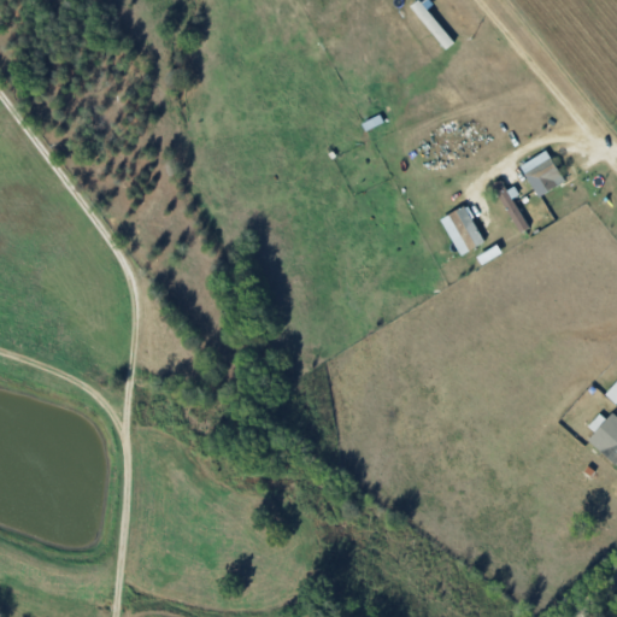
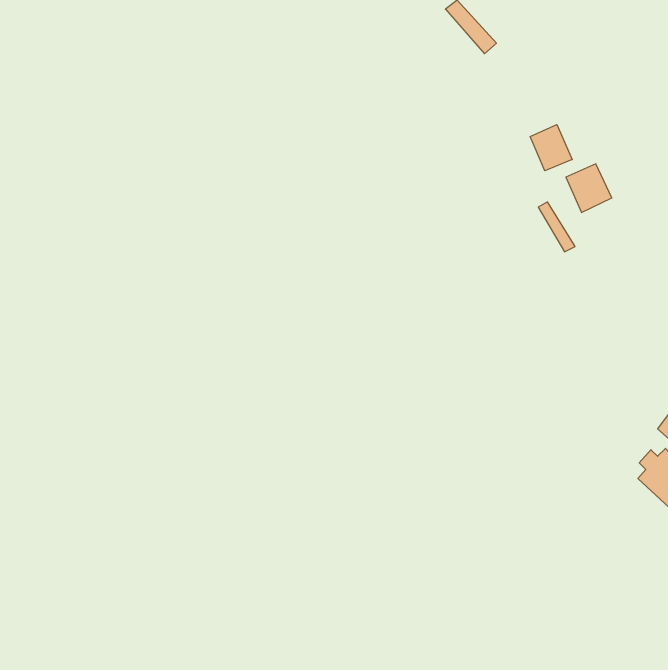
building: none -> [530,125,572,171]
building: [442,205,484,254] -> none

